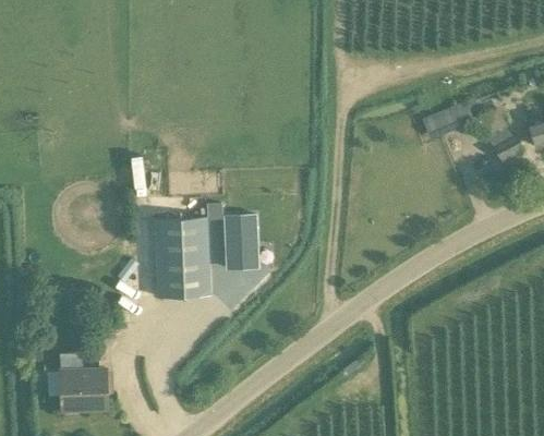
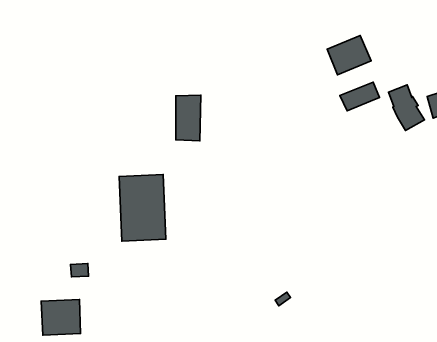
building: none -> [327,36,371,75]
building: [227,211,257,267] -> [176,95,201,141]

